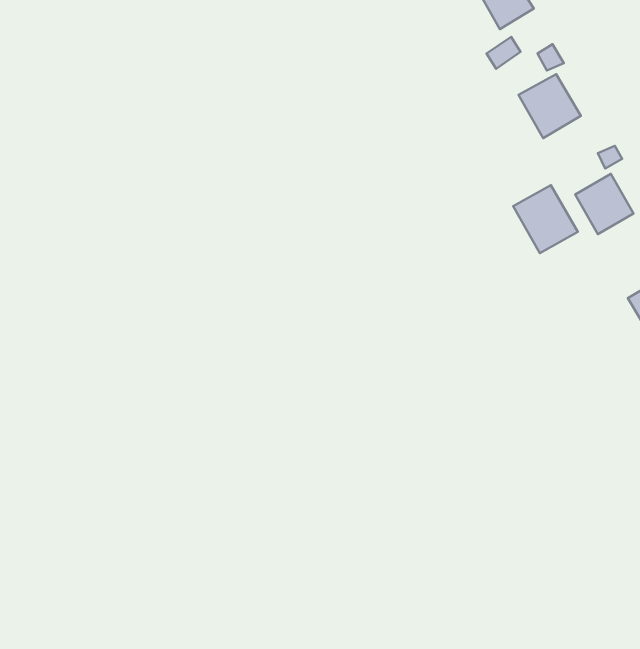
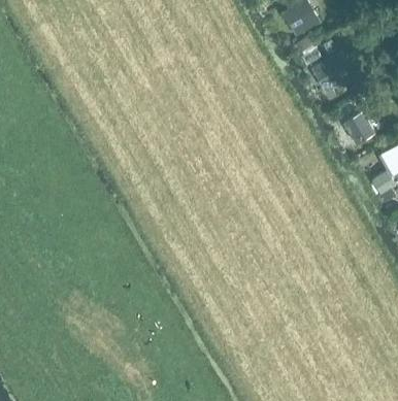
building: [513,185,578,253] -> none

